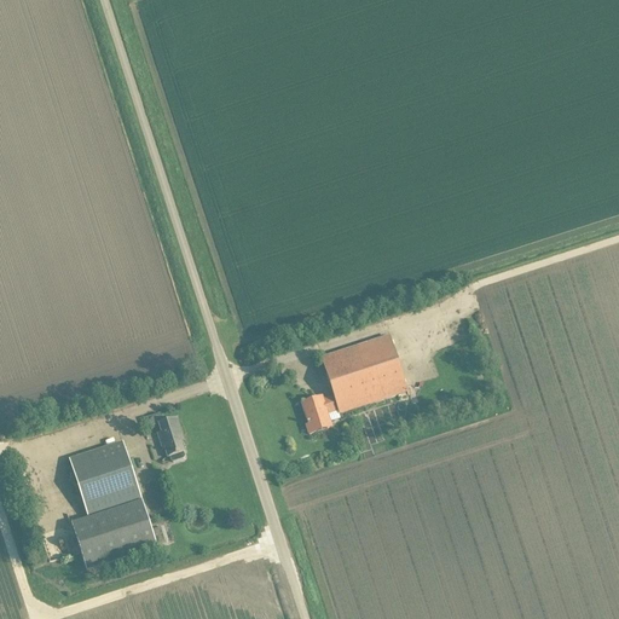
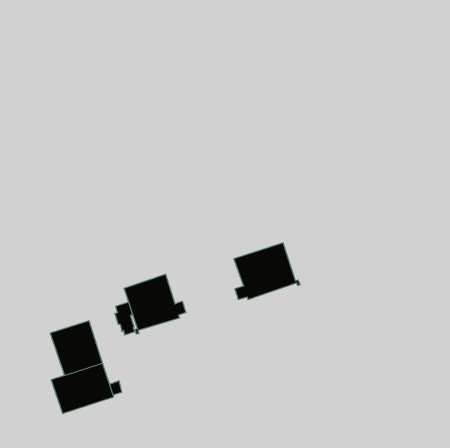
building: none -> [124,274,186,334]
building: [301,393,331,430] -> none

